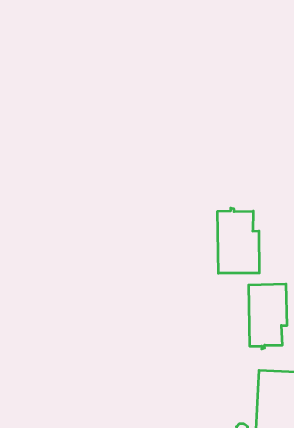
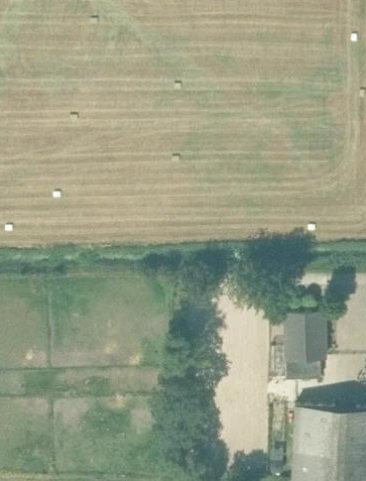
building: [218,208,259,273] -> none

